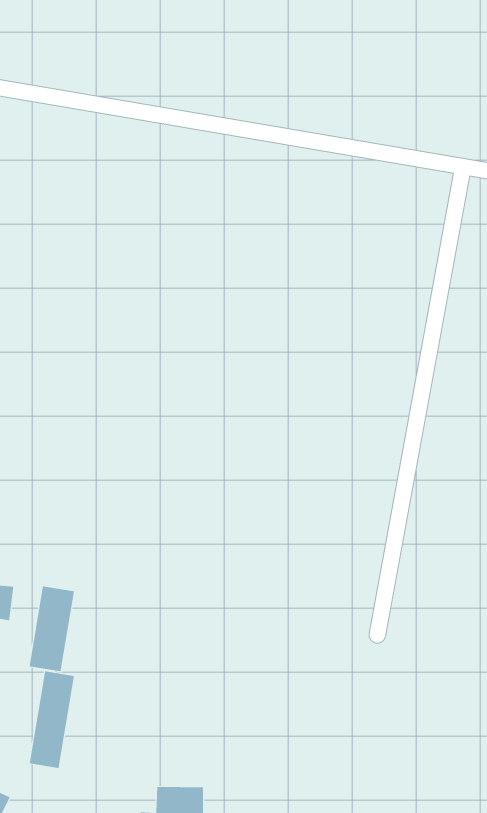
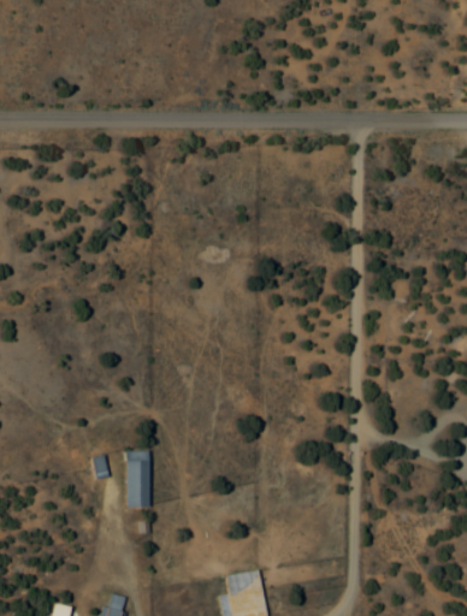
building: [29,670,74,769] -> none

